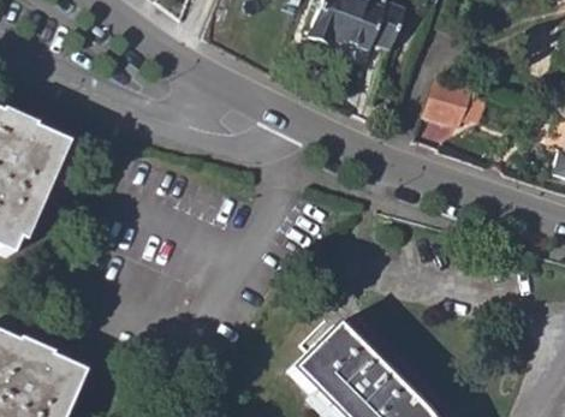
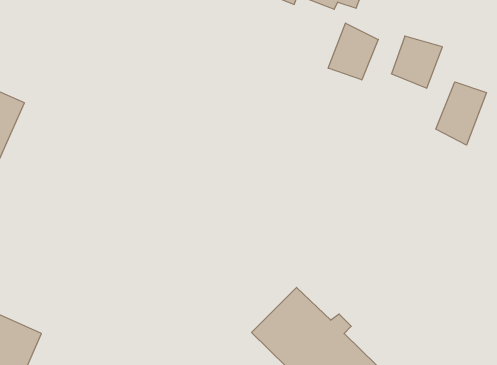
building: none -> [328,23,378,80]
building: none -> [436,82,487,145]

